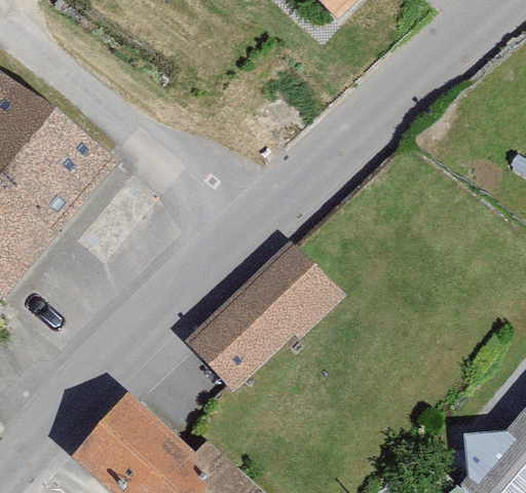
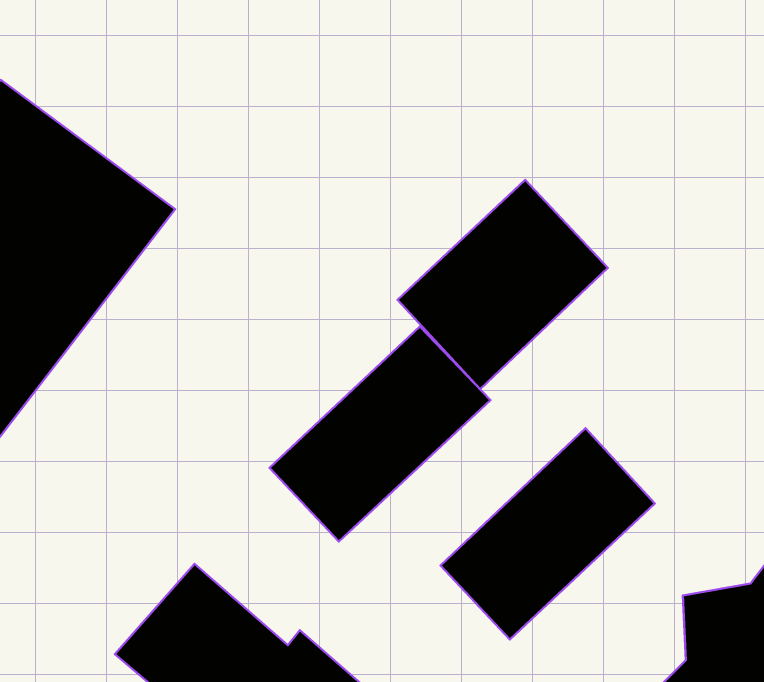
building: none -> [397,180,608,389]
building: none -> [440,428,655,639]

